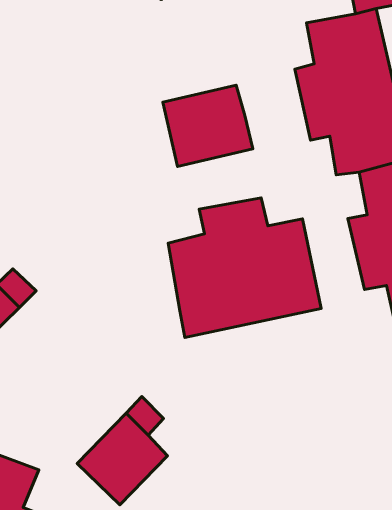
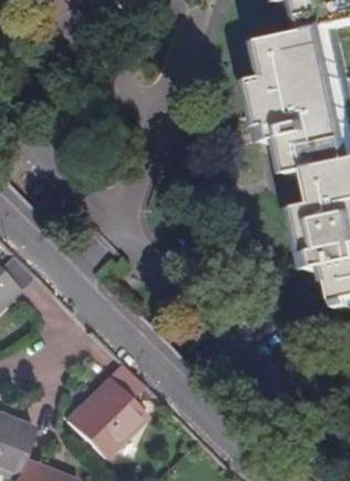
building: [163,85,253,166] -> none
building: [168,198,321,337] -> none

